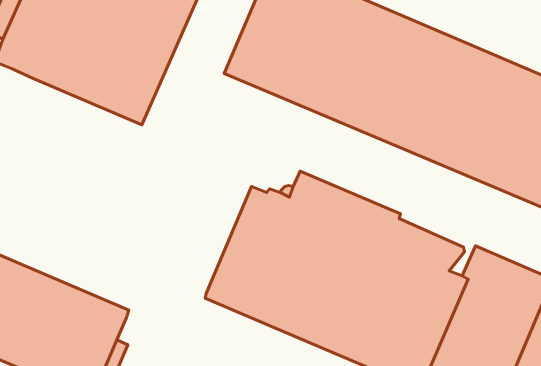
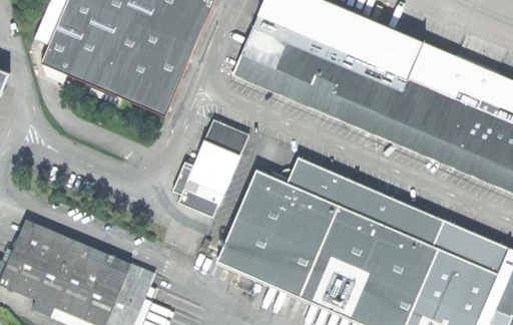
building: none -> [172,118,250,216]
building: none -> [381,192,445,244]

